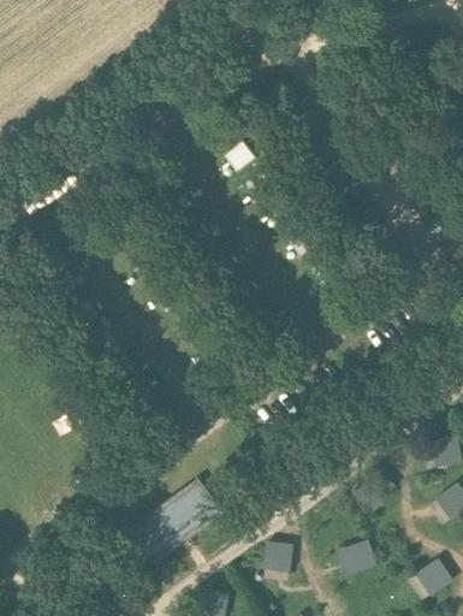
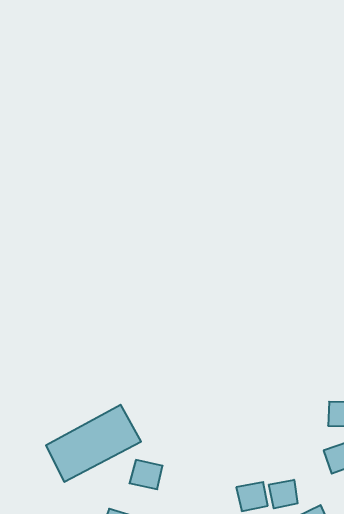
building: none -> [269,480,298,508]
building: [262,540,296,569] -> [129,460,163,489]

